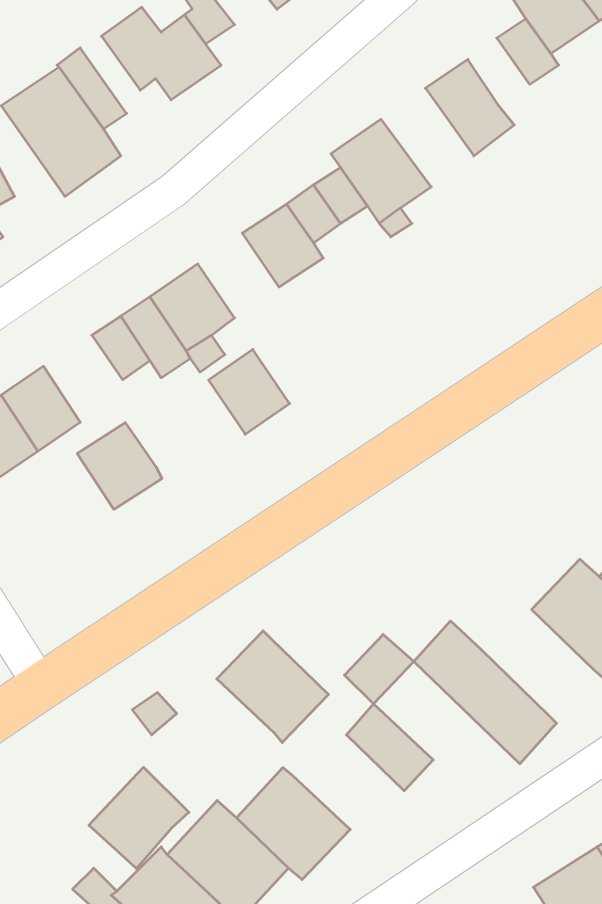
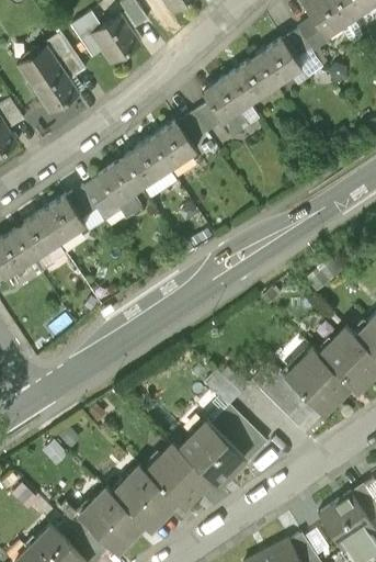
building: none -> [280,27,315,66]
building: none -> [230,56,283,112]
building: [209,349,290,434] -> [126,138,172,187]
building: [77,423,162,509] -> [38,196,87,246]
building: none -> [287,349,351,413]
building: [217,631,329,743] -> [180,419,243,483]
building: [89,767,189,869] -> none

